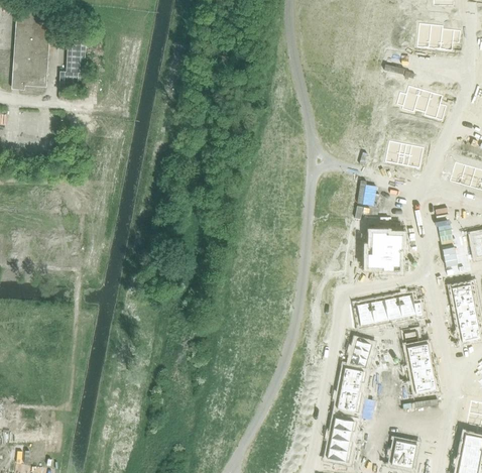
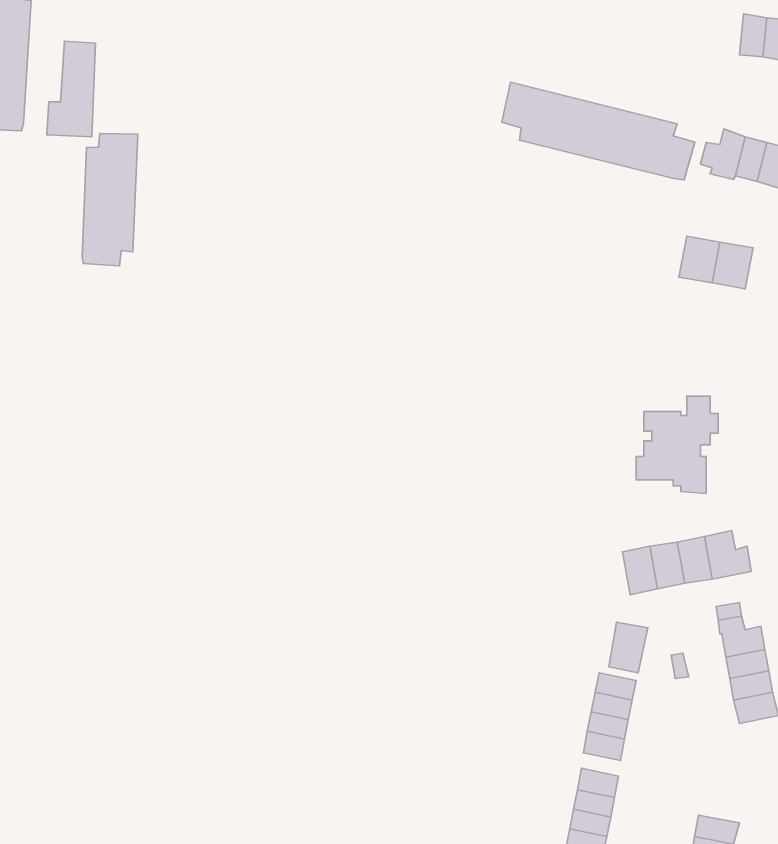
building: none -> [502,82,695,180]
building: none -> [82,133,138,266]

